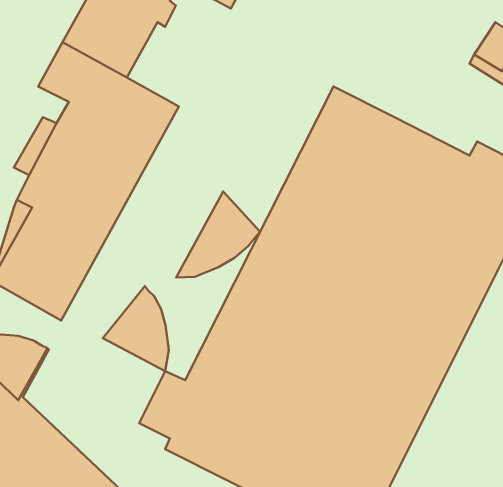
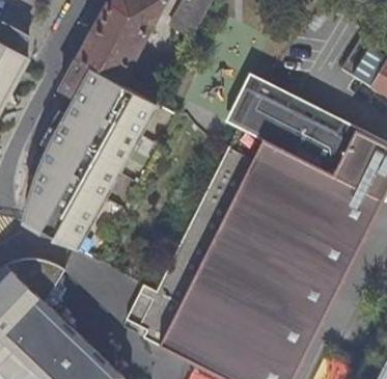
building: [176,192,260,278] -> none
building: [103,286,169,371] -> none

